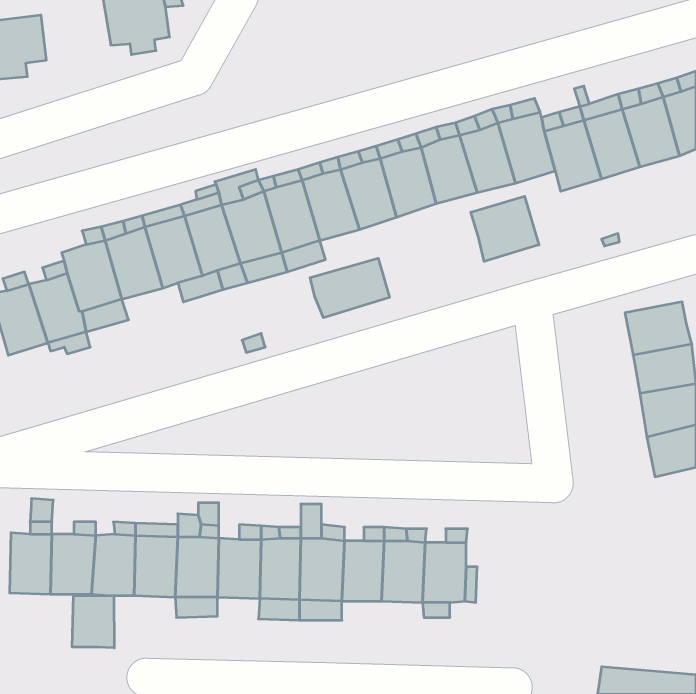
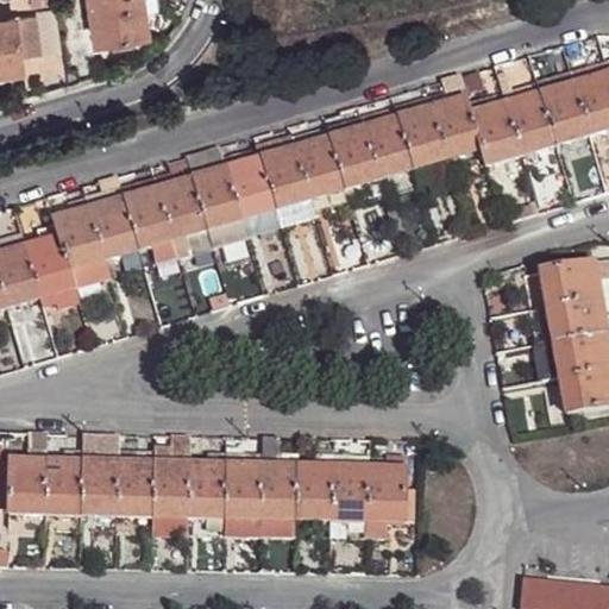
building: [471,196,539,261] -> none
building: [310,258,390,318] -> none
building: [72,595,114,648] -> none

